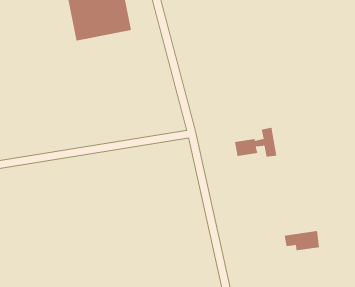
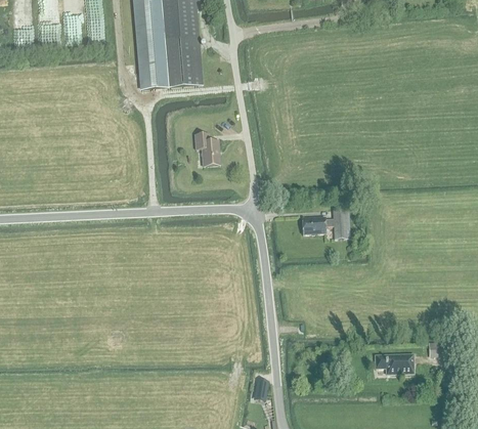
building: none -> [194,132,219,166]
building: [284,231,320,251] -> [375,353,412,373]

